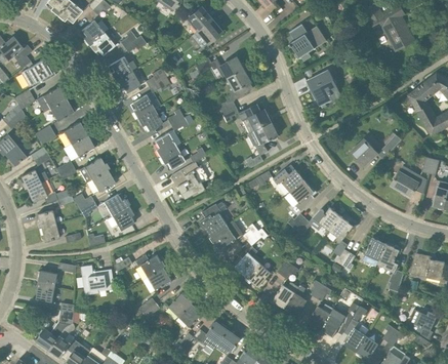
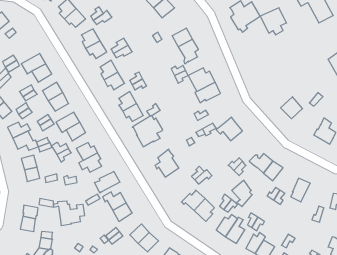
building: [23,59,55,85] -> none
building: [307,70,338,103] -> [260,8,287,35]
building: [290,179,315,211] -> [232,180,252,207]
building: [211,220,243,251] -> none
building: none -> [94,171,120,193]
building: [376,243,400,271] -> none

